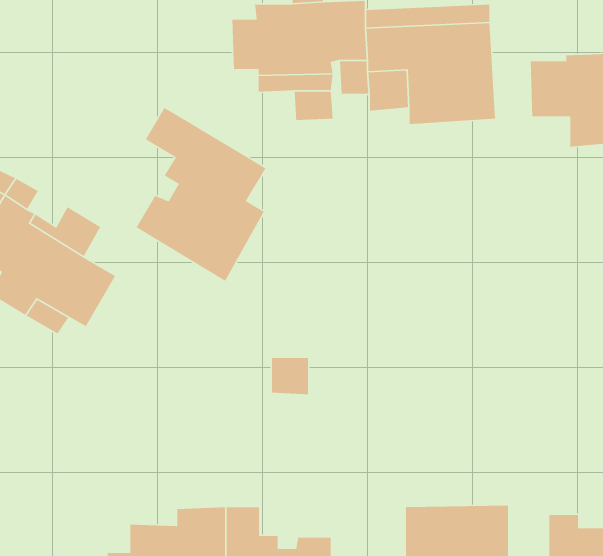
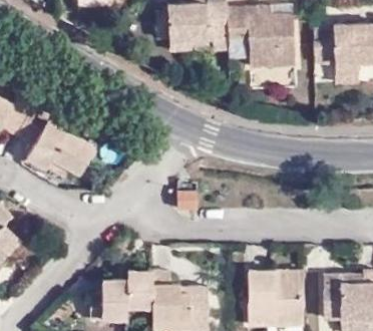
building: [135,107,266,282] -> none

